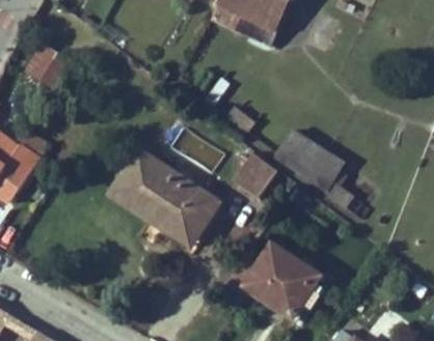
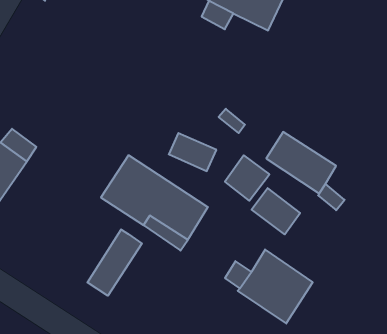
building: [30,45,70,84] -> none
building: none -> [252,188,300,234]
building: none -> [87,229,142,296]

